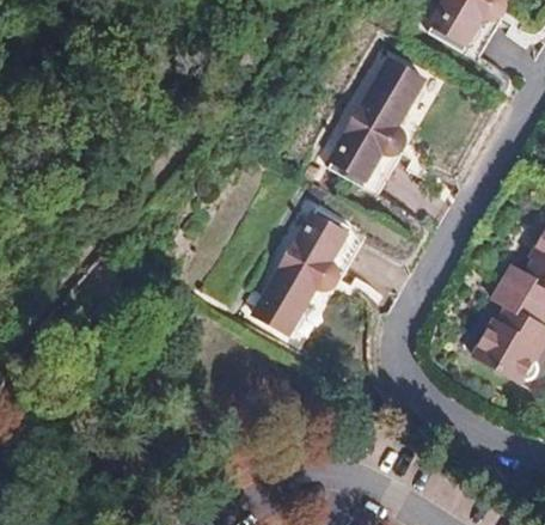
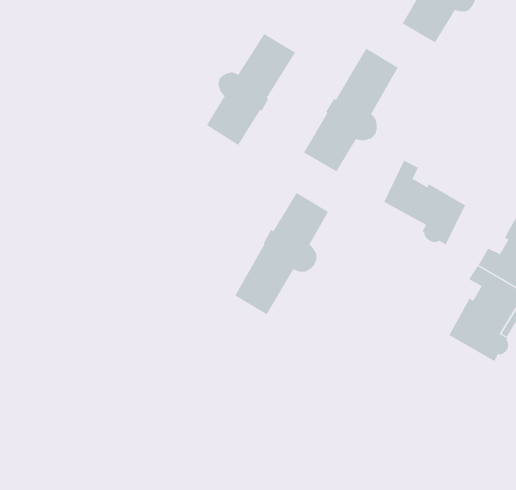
building: none -> [206,33,296,146]
building: none -> [384,160,466,246]

